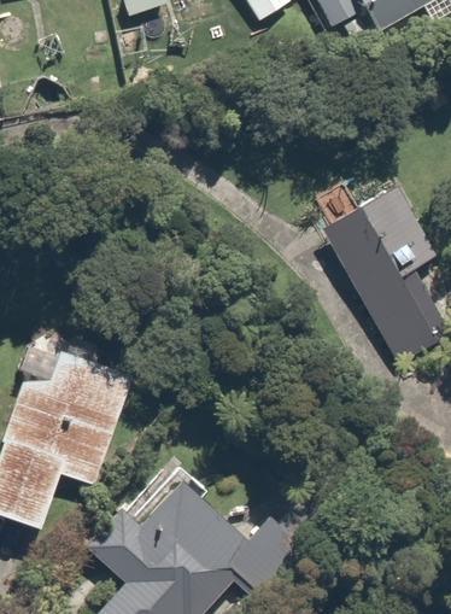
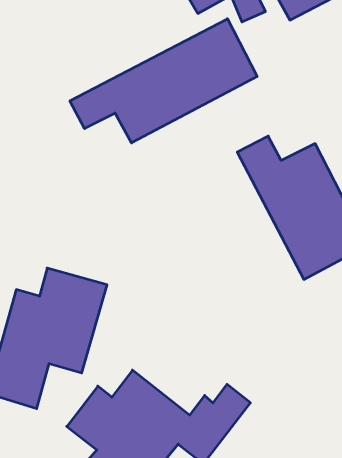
building: none -> [70,19,257,143]

